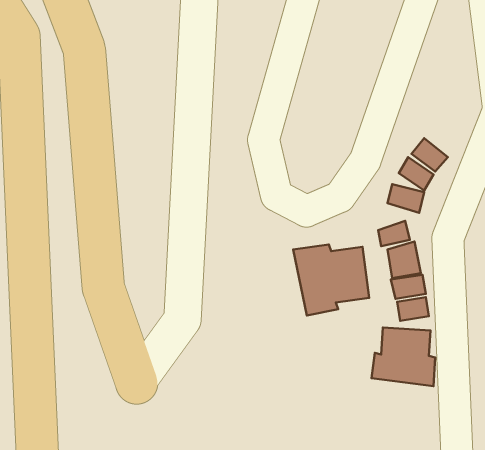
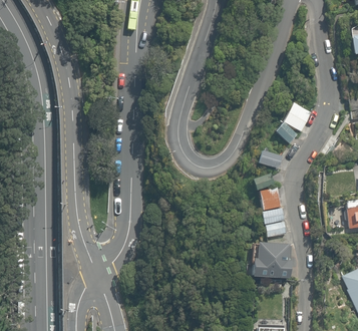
building: none -> [284,102,311,129]
building: [293,245,369,315] -> none

